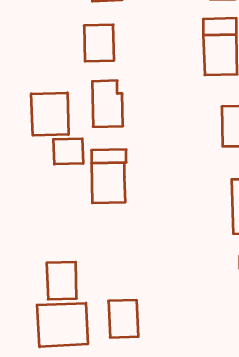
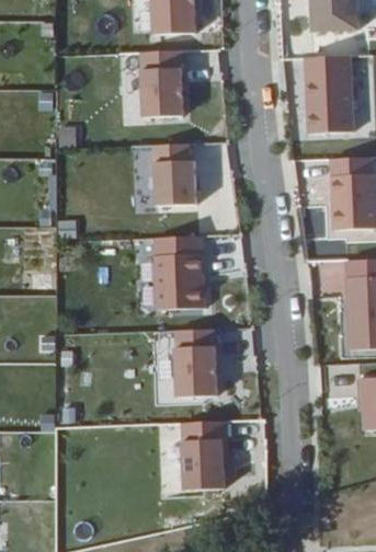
building: [31,93,68,135] -> none
building: [53,139,83,164] -> none
building: [47,262,77,299] -> [171,344,212,394]
building: [37,303,88,347] -> none

